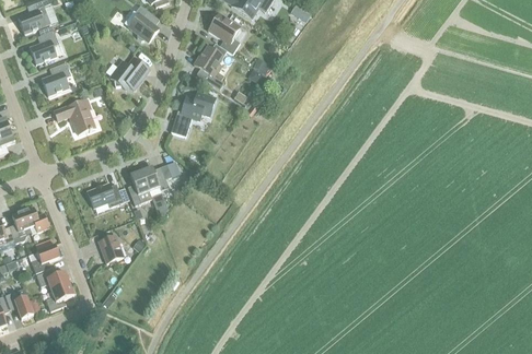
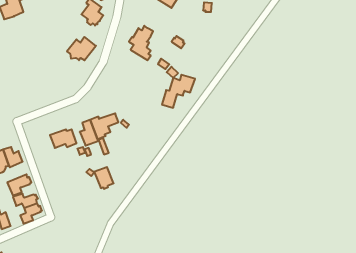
building: [207,12,240,54] -> none
building: [30,30,58,63] -> none
building: [42,61,70,95] -> none
building: [170,91,215,135] -> [162,75,195,108]
building: [53,98,94,133] -> none
building: [96,234,123,263] -> [94,167,114,189]

